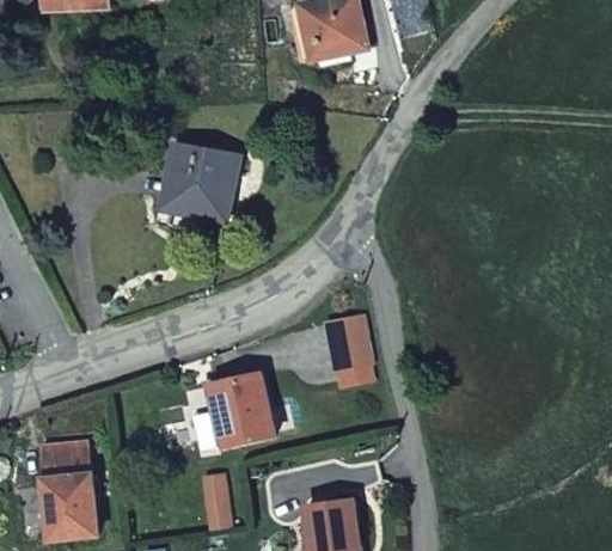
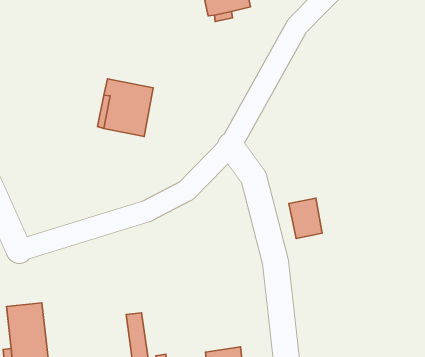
building: [325,316,369,369] -> [289,198,322,239]
building: [209,373,274,448] -> none

